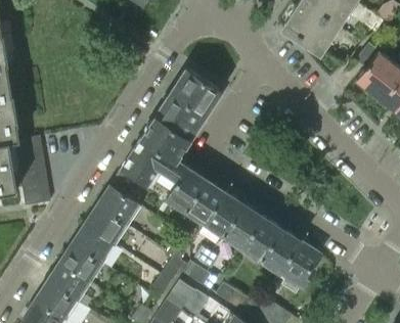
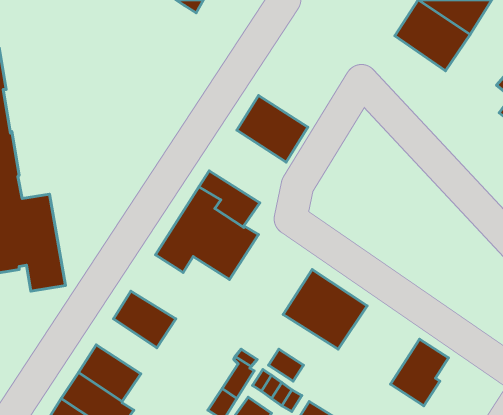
building: [151,92,206,143] -> none
building: [166,166,224,222] -> none
building: [96,185,149,232] -> none
building: [242,216,300,271] -> none
building: [72,225,115,264] -> none

